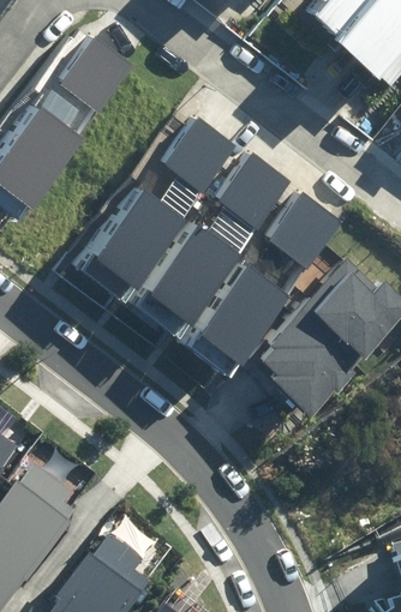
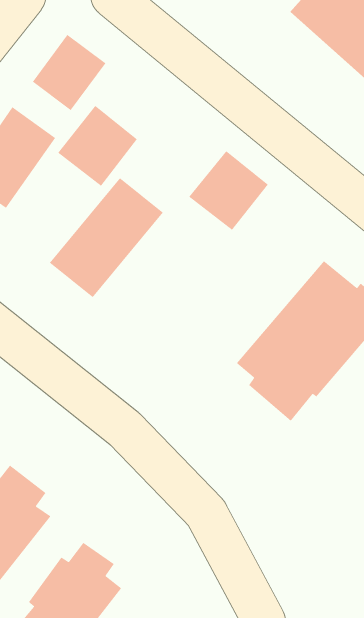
building: [160,110,239,191] -> [57,105,138,187]
building: [263,190,342,270] -> none
building: [128,218,241,337] -> none
building: [179,257,292,376] -> none

